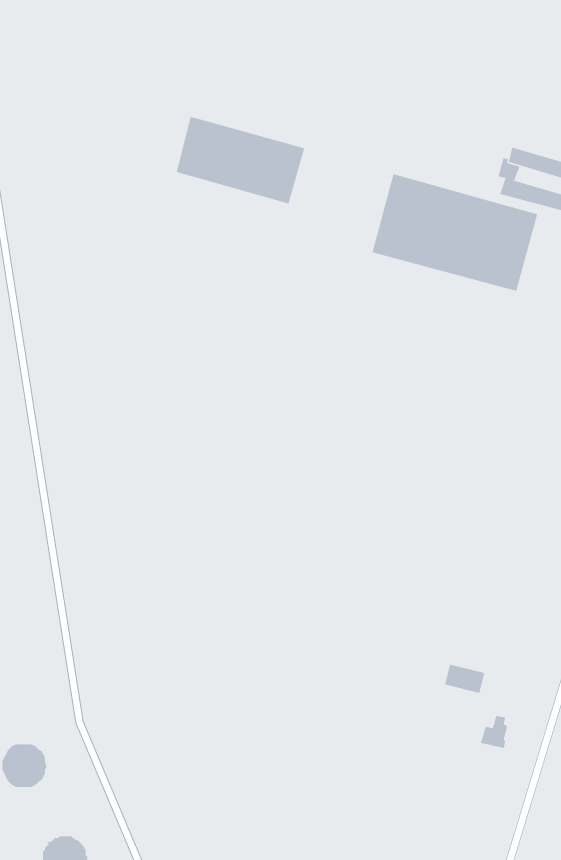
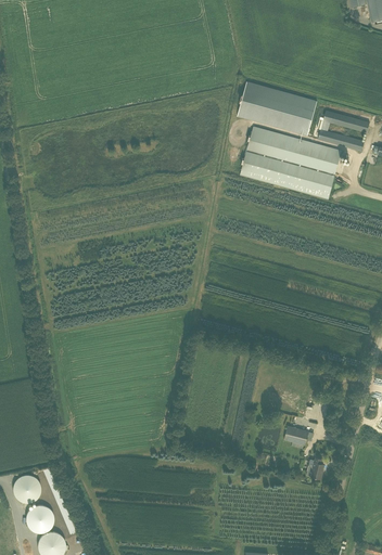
building: [176,116,305,204] -> [238,81,317,135]
building: none -> [26,504,54,531]

